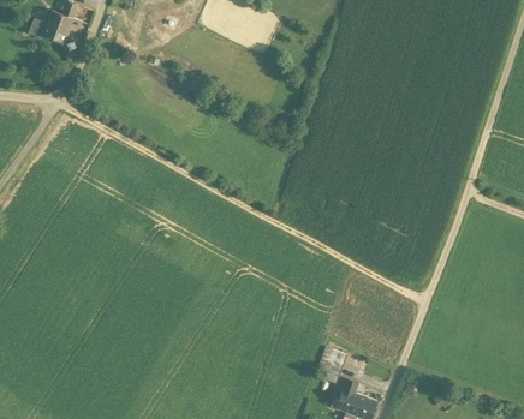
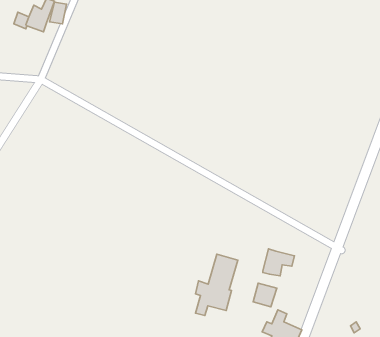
building: none -> [263,249,295,276]
building: none -> [196,254,238,316]

